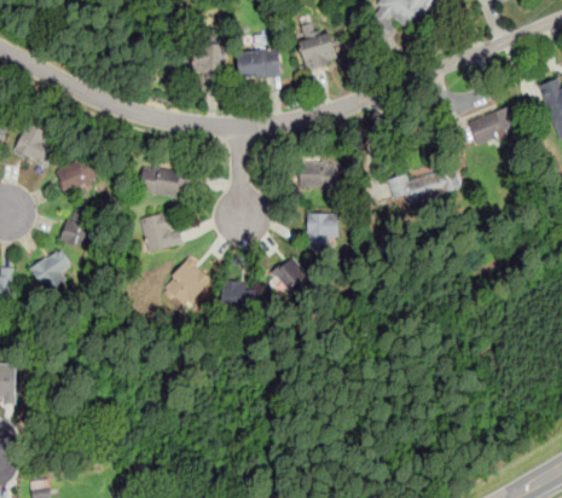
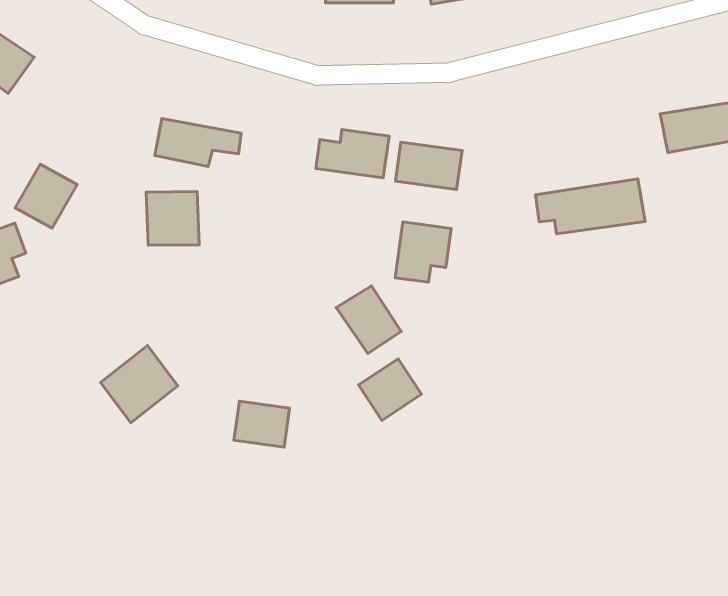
building: [53,151,102,195] -> none
building: none -> [316,130,389,178]
building: [162,257,212,308] -> [101,346,178,423]
building: [222,283,255,308] -> [234,401,289,447]
building: none -> [358,359,422,420]

